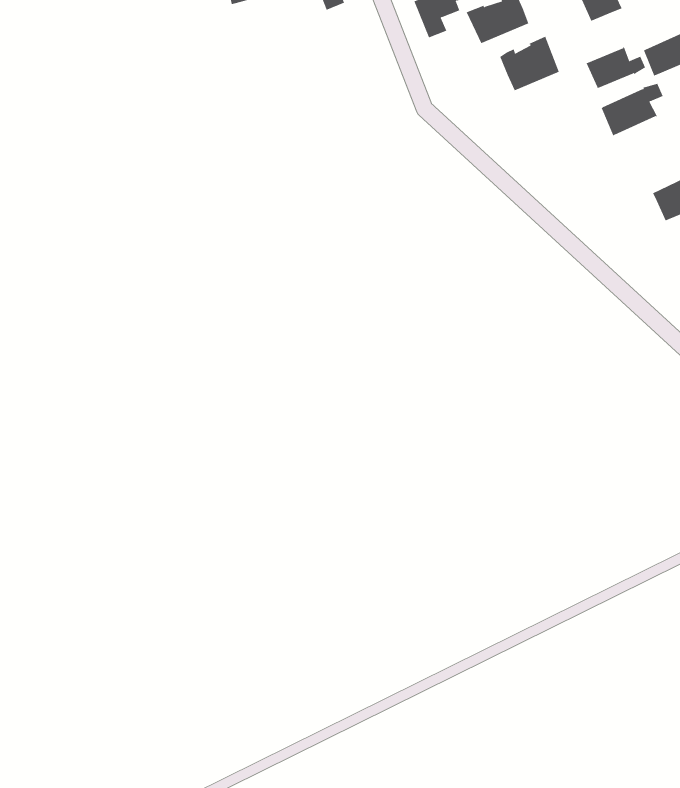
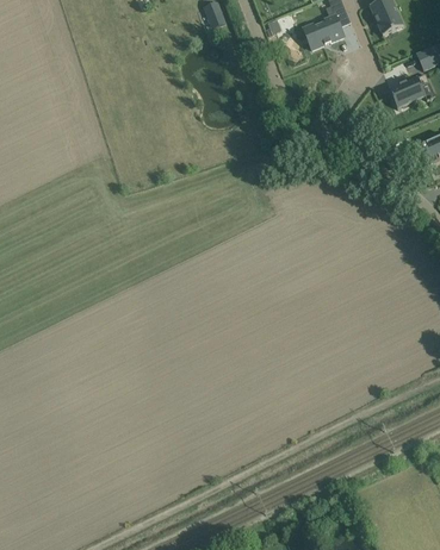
building: [499,36,560,91] -> none
building: [586,46,646,91] -> none

